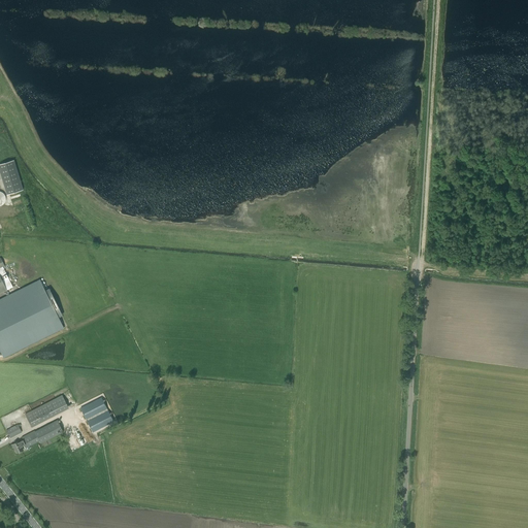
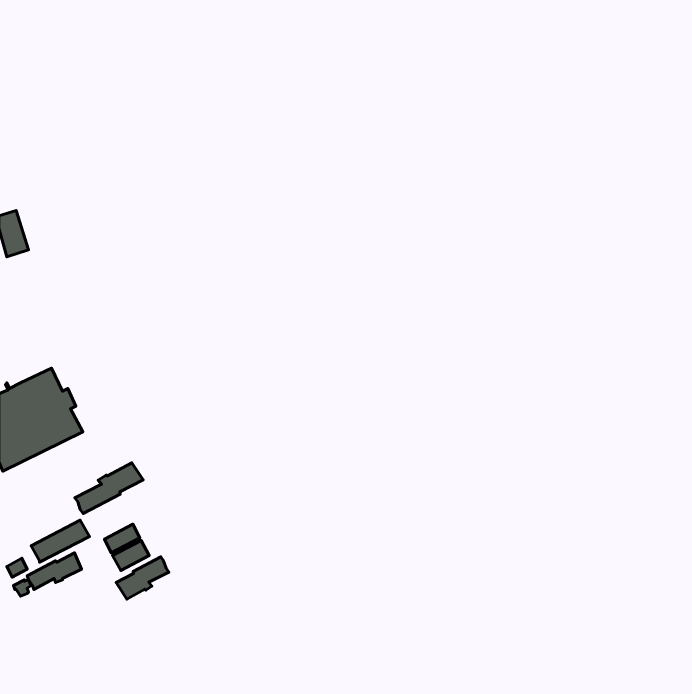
building: none -> [75,463,143,513]
building: none -> [116,557,169,599]

